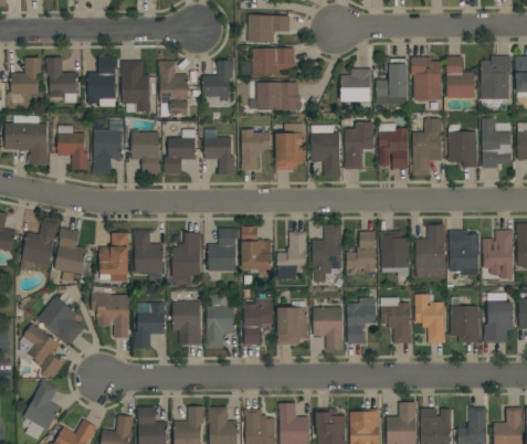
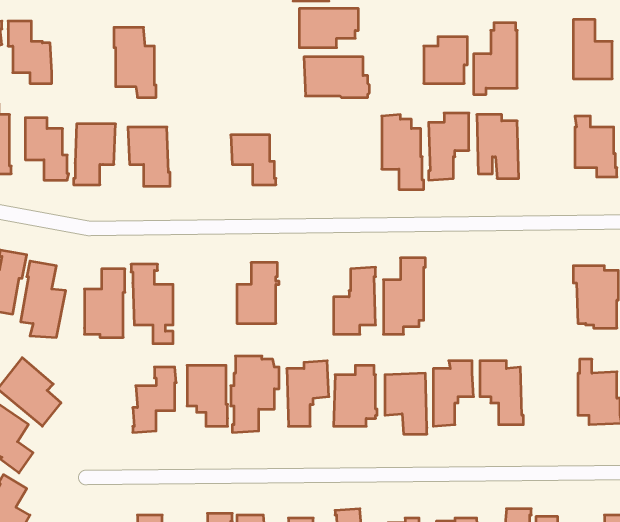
building: [87,56,116,105] -> none
building: [411,56,441,99] -> none
building: [158,60,188,116] -> none
building: [202,60,233,96] -> none
building: [412,118,441,175] -> none
building: [274,123,305,169] -> none
building: [241,128,270,170] -> none
building: [164,129,196,173] -> none
building: [415,224,444,275] -> none
building: [241,225,271,269] -> none
building: [346,231,375,272] -> none
building: [379,231,410,276] -> none
building: [171,232,201,285] -> none
building: [91,285,129,337] -> none
building: [414,294,445,342] -> none

